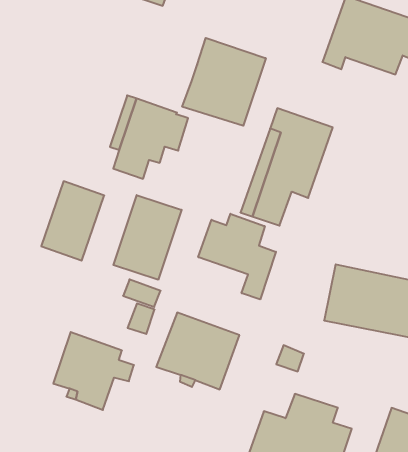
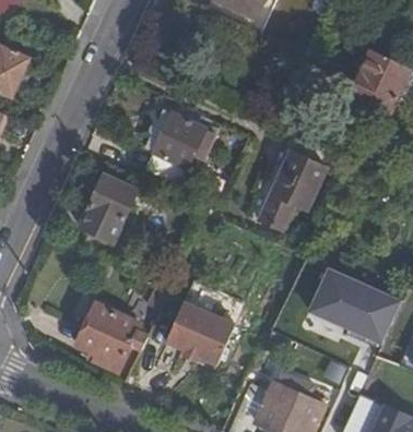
building: [182,38,266,126] -> none
building: [113,195,182,280] -> none
building: [198,214,276,299] -> none

